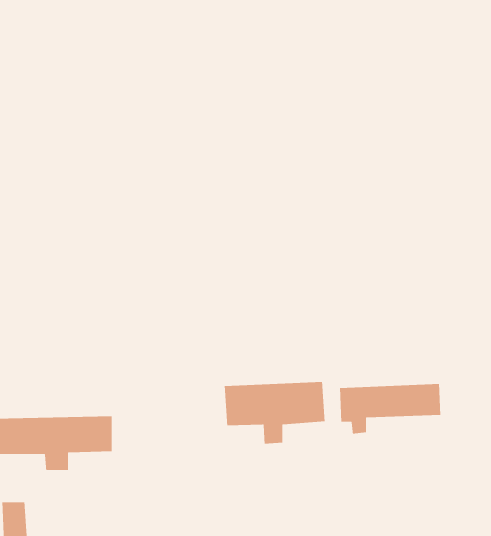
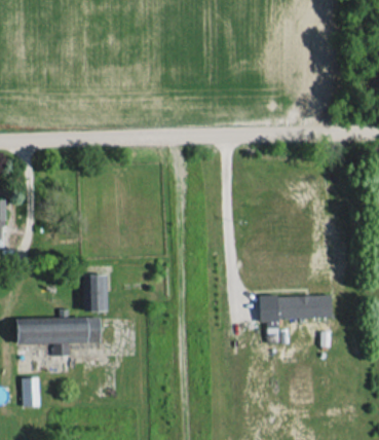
building: none -> [83,274,108,310]
building: [224,381,325,445] -> none

